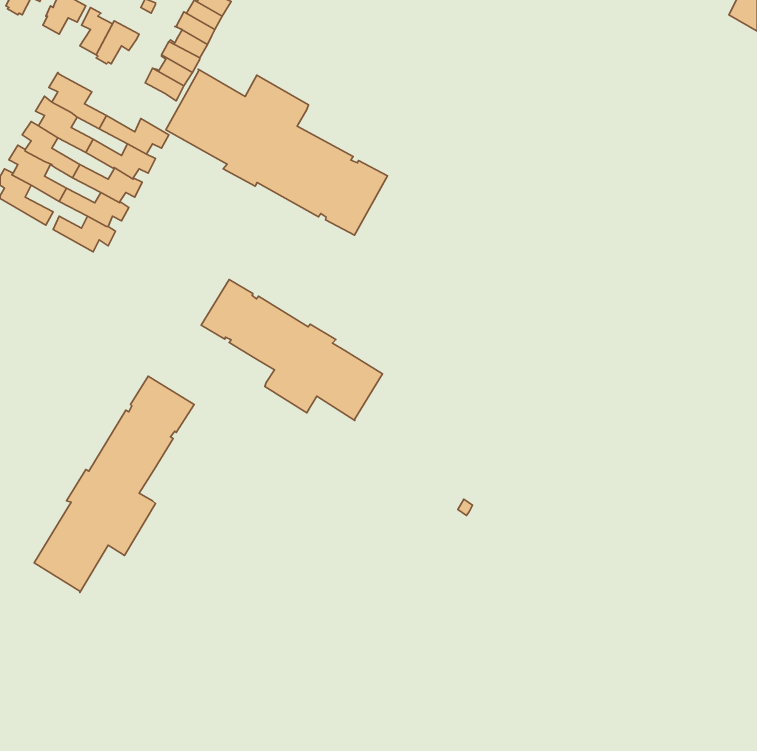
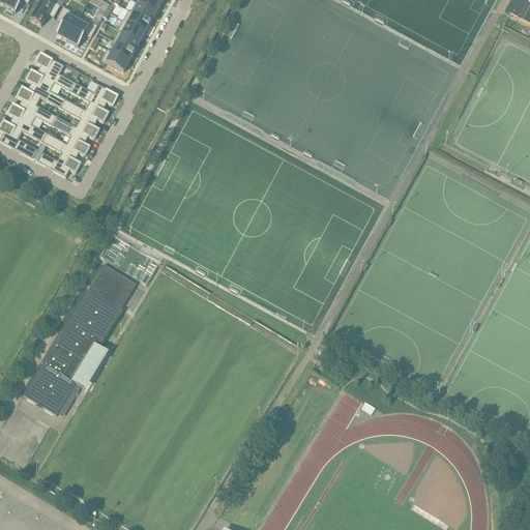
building: [166,69,387,235] -> none
building: [201,280,382,421] -> none

